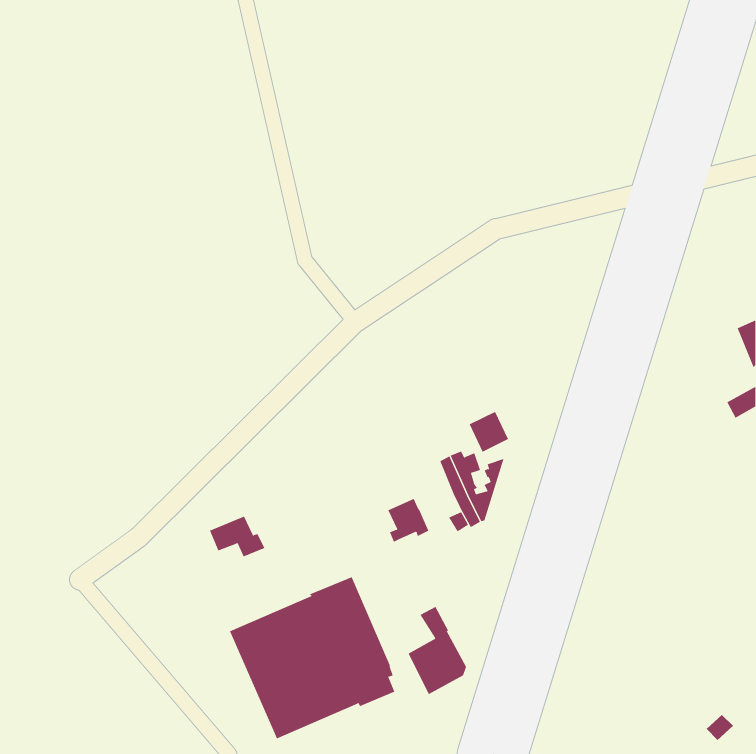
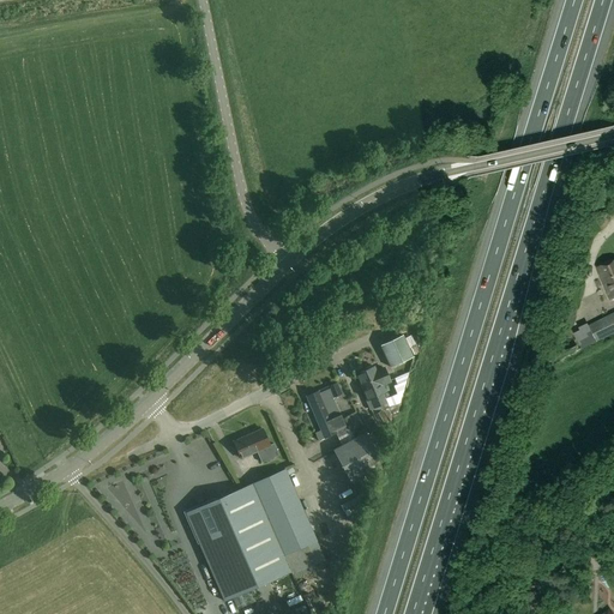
building: none -> [306,383,342,414]
building: [209,516,265,557] -> [234,428,279,462]
building: [408,606,467,695] -> [333,410,381,482]

